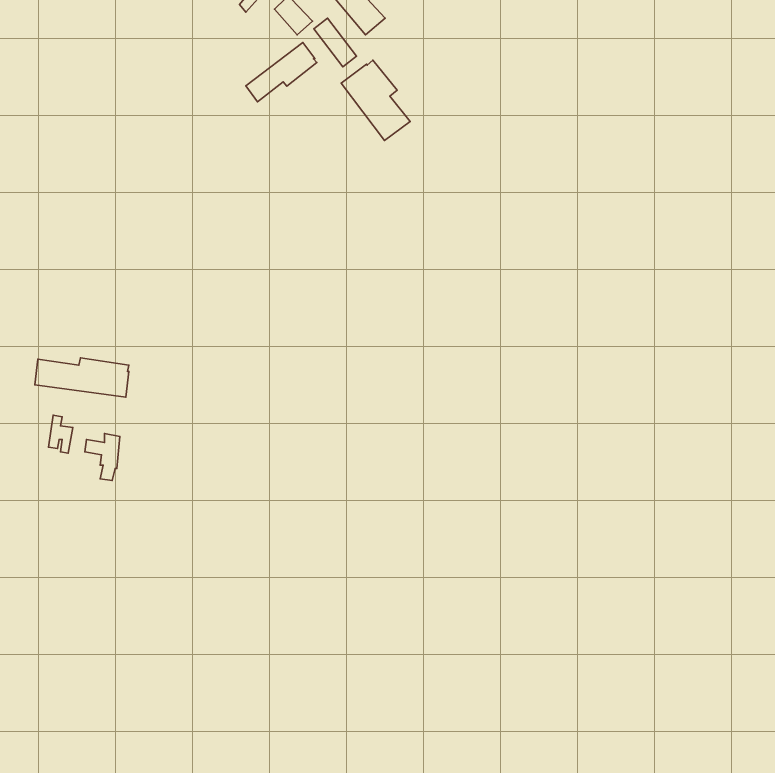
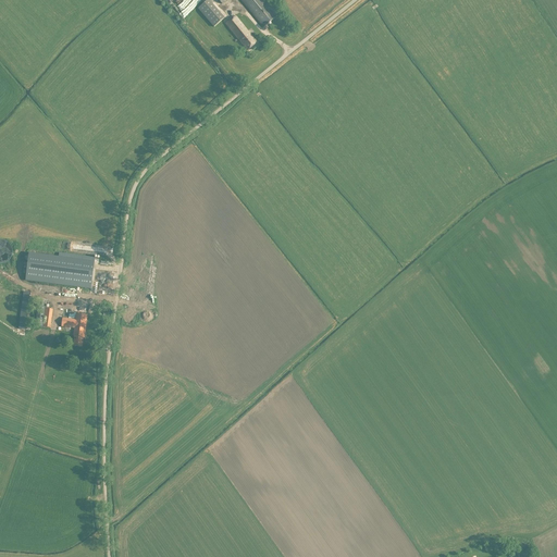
building: [246,42,317,102] -> none
building: [341,60,410,140] -> none

